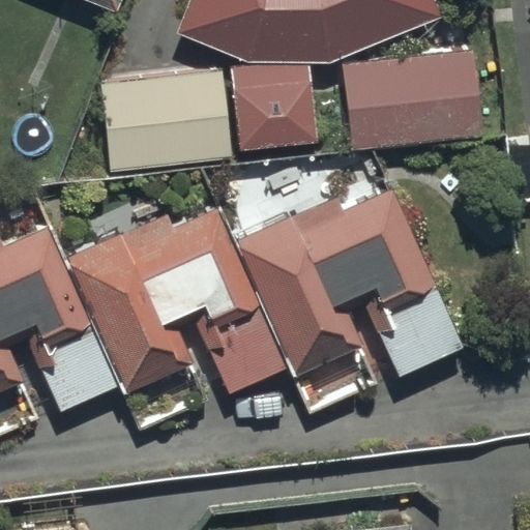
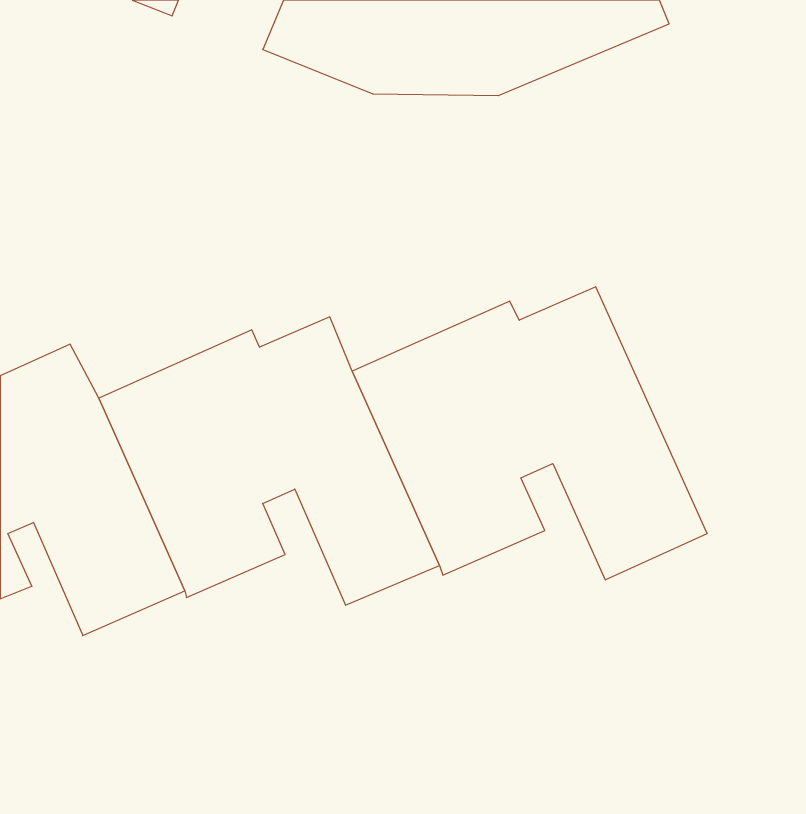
building: [343,51,478,145] -> none
building: [231,66,313,145] -> none
building: [102,70,230,170] -> none

